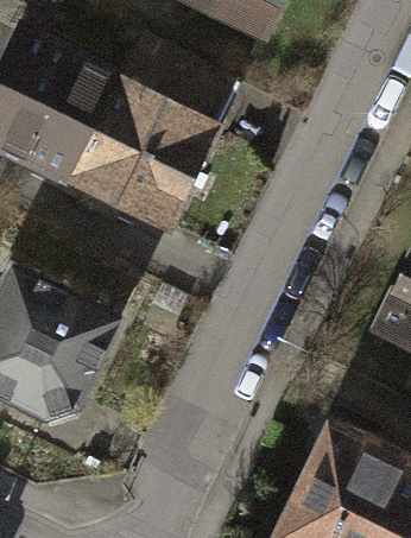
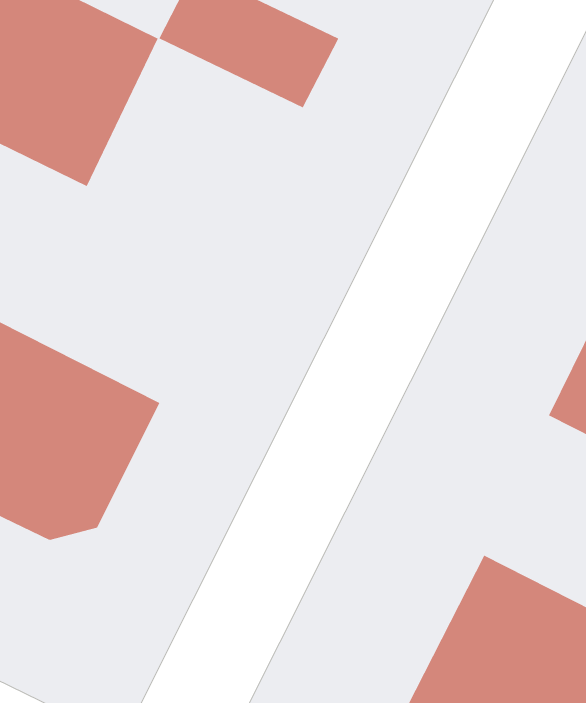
building: [67,78,210,223] -> none

